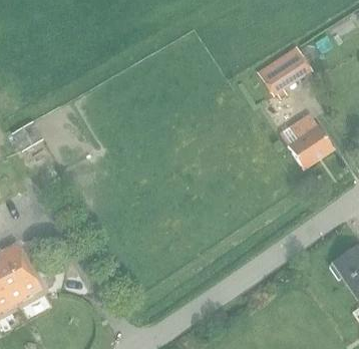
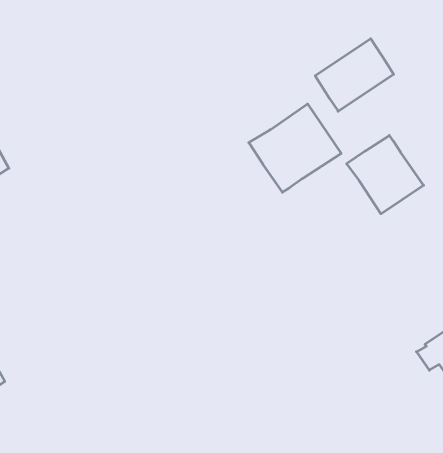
building: none -> [249,104,341,192]

